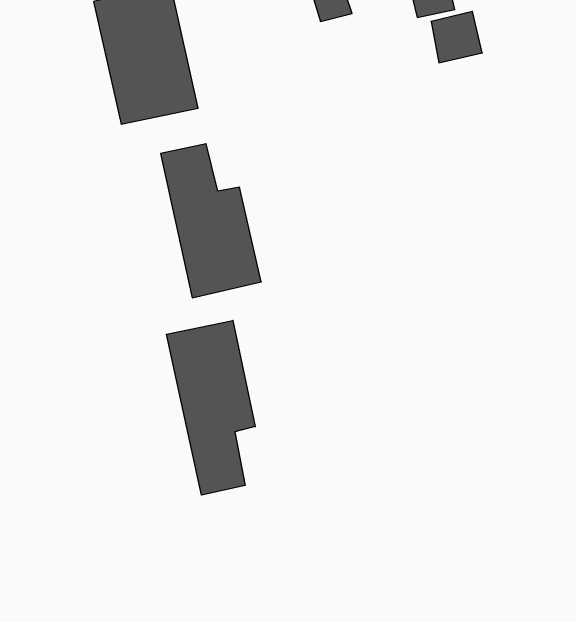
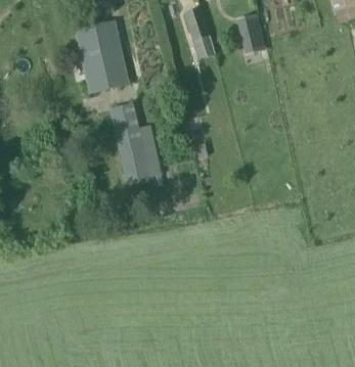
building: [166,320,255,495] -> none

